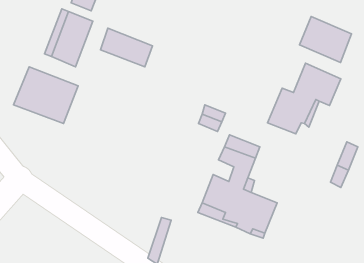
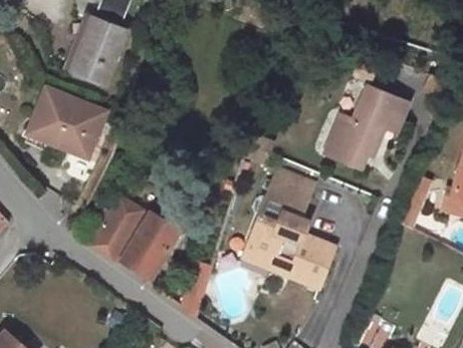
building: [299,17,352,63] -> none
building: [101,28,153,67] -> none
building: none -> [93,198,182,278]

